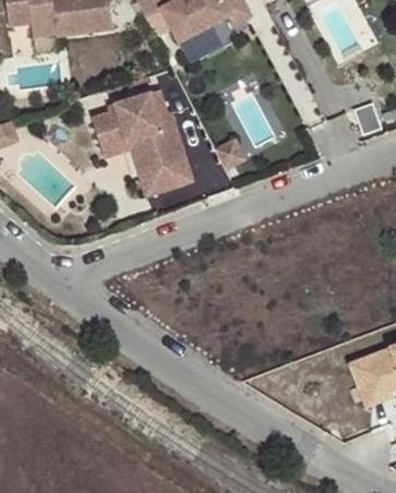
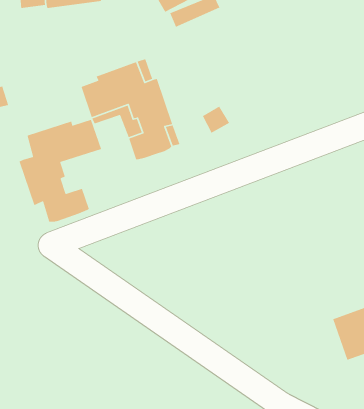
building: none -> [18,119,102,222]

